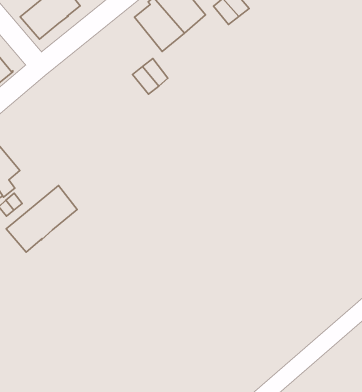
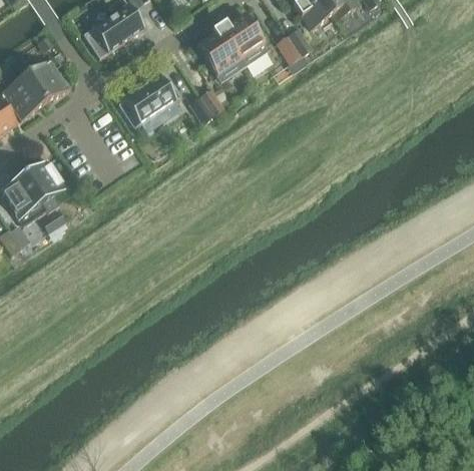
building: none -> [117,72,180,131]
building: [6,185,77,252] -> none

